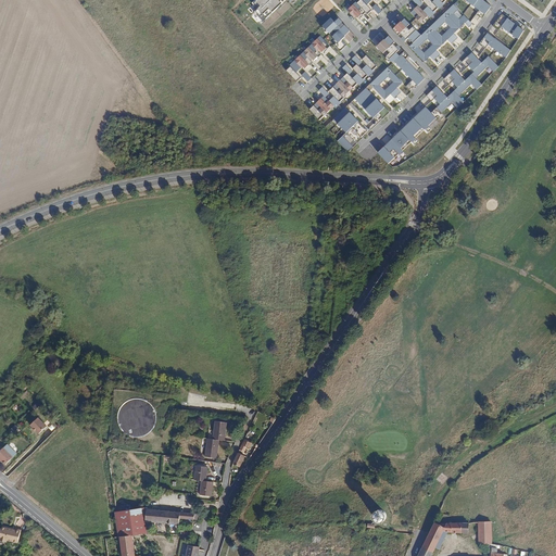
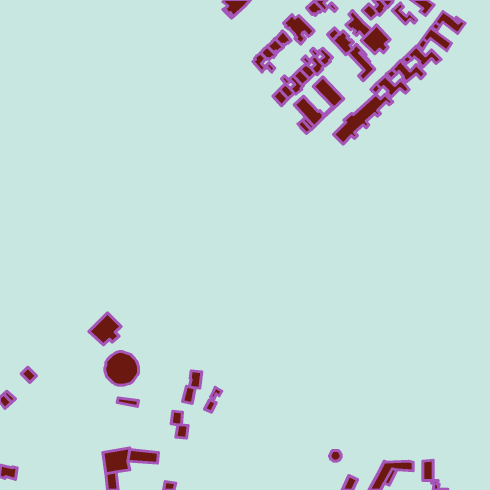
building: [426,12,458,45] -> none
building: [369,66,402,99] -> none
building: none -> [89,313,121,345]

